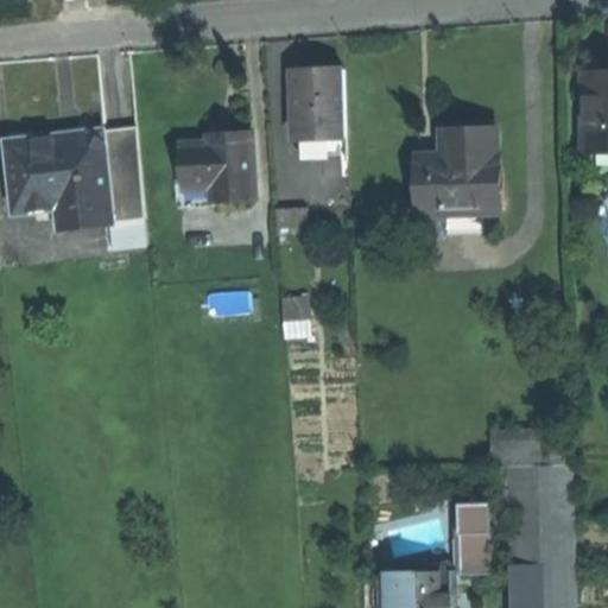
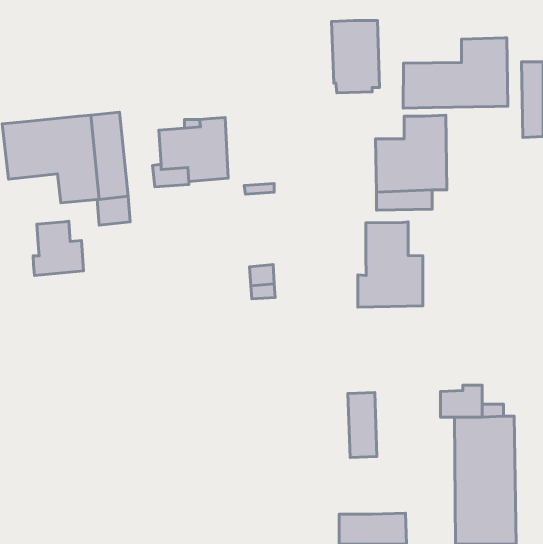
building: none -> [403,38,508,108]
building: [291,68,344,148] -> [332,20,380,93]
building: none -> [33,221,83,276]
building: none -> [358,222,423,307]
building: [456,502,488,575] -> [348,392,377,458]

